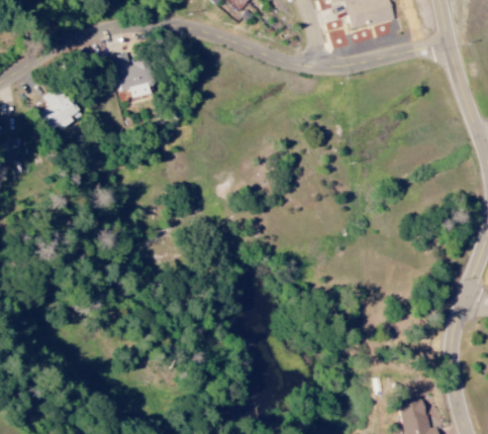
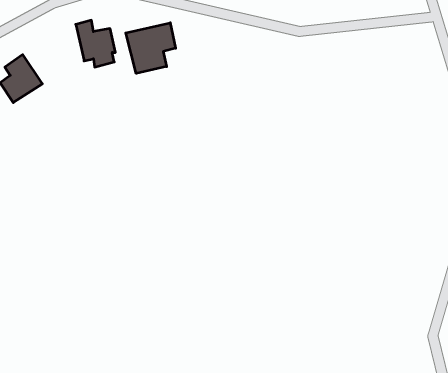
building: none -> [126,23,176,73]

